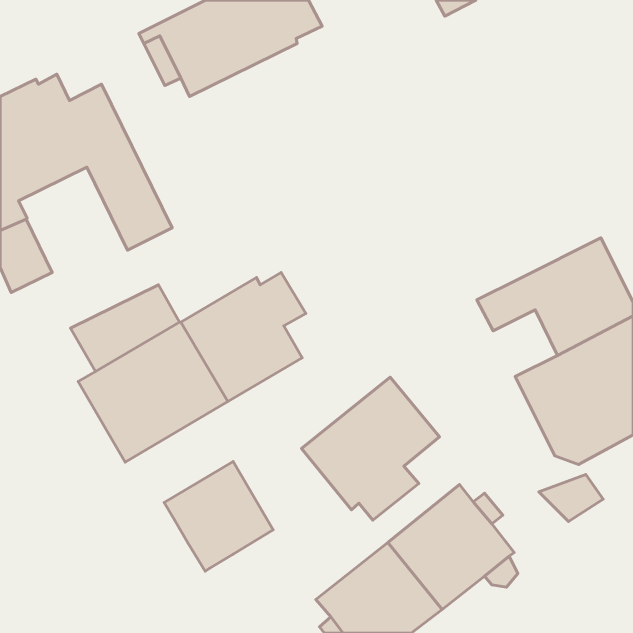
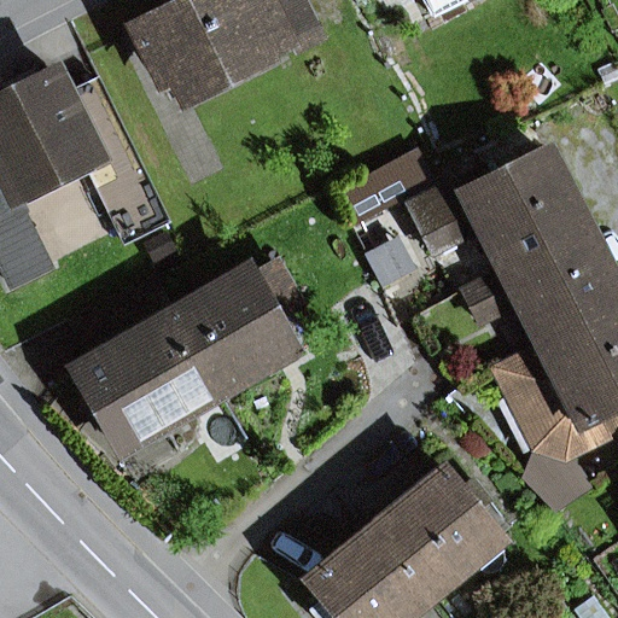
building: none -> [408,156,585,272]
building: [302,377,439,520] -> none
building: [164,462,273,571] -> none

